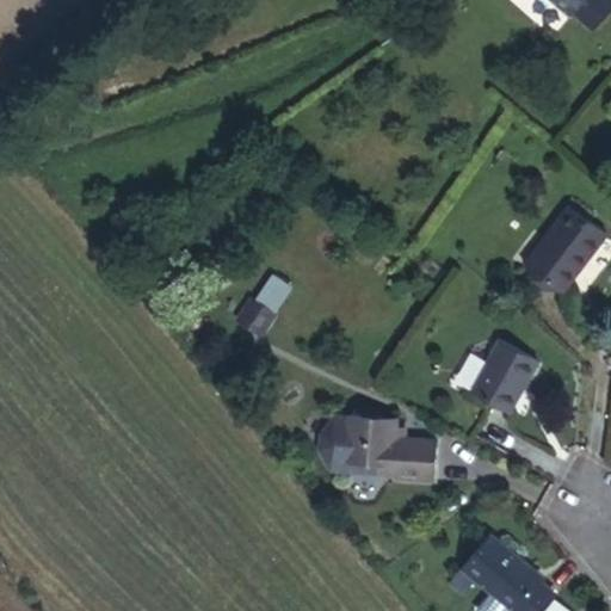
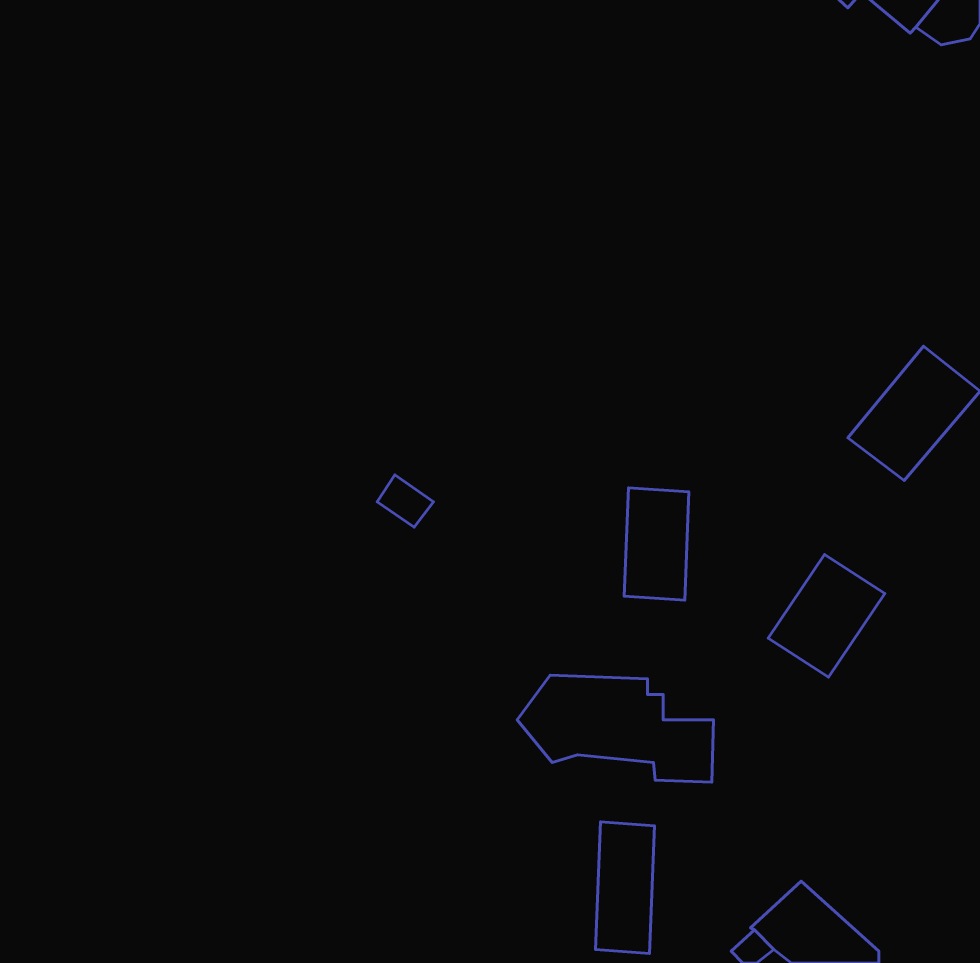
building: none -> [624,488,689,600]
building: none -> [595,822,654,953]

